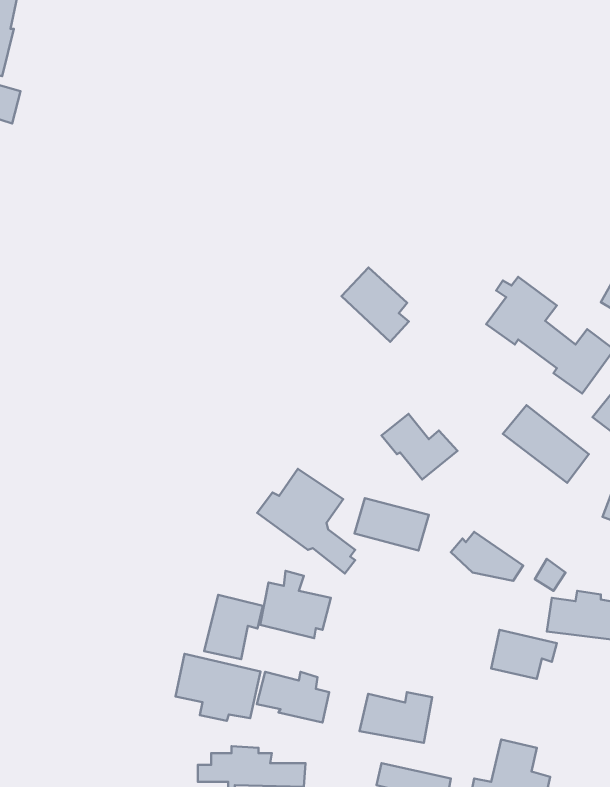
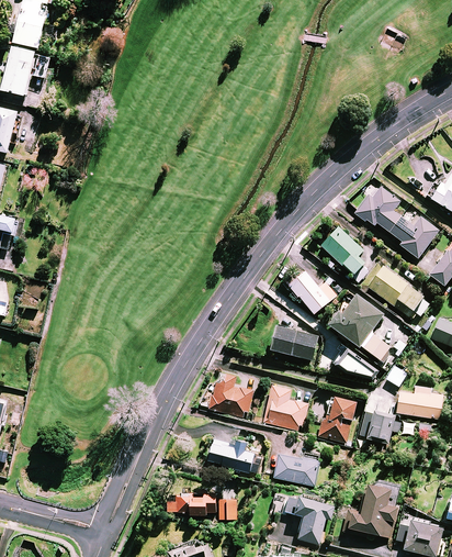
building: [341,268,409,342] -> [319,226,363,275]
building: [257,469,355,574] -> [326,294,389,363]
building: none -> [262,385,306,431]
building: [204,595,263,659] -> none
building: none -> [317,396,354,442]
building: [176,654,260,721] -> none

